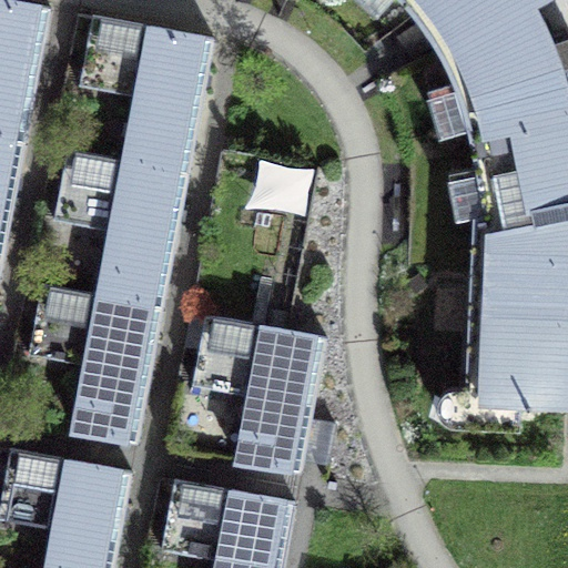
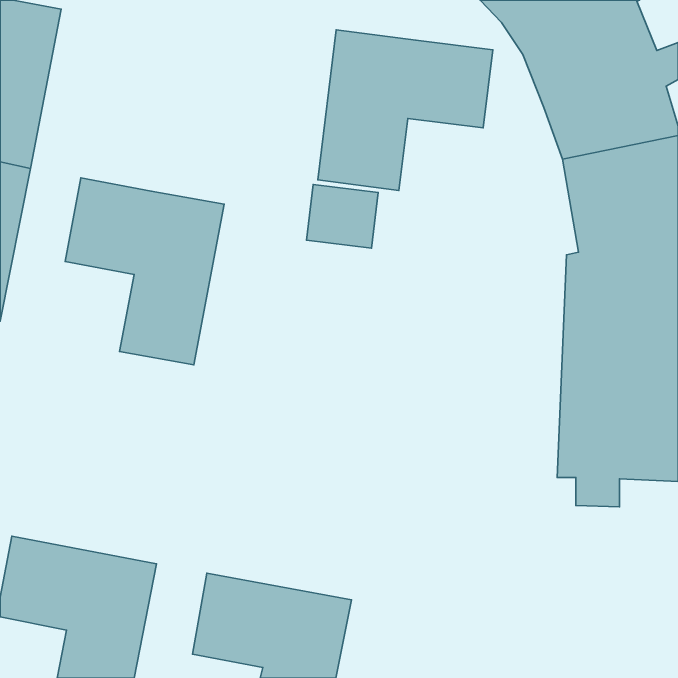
building: [80,14,213,171] -> none
building: none -> [318,30,493,190]
building: [29,283,162,442] -> none
building: [194,315,325,471] -> none

